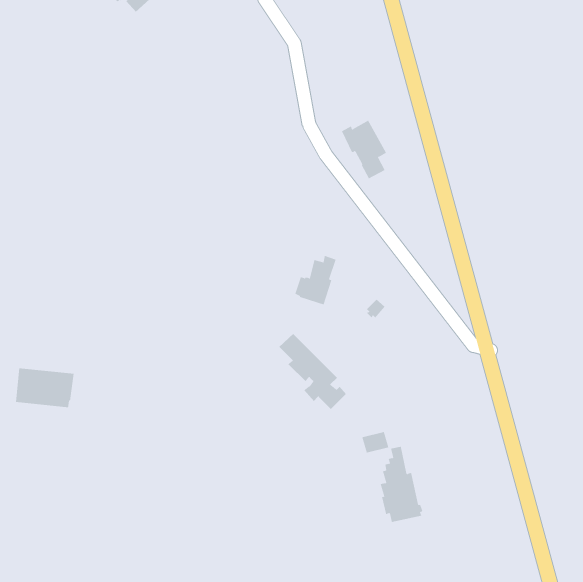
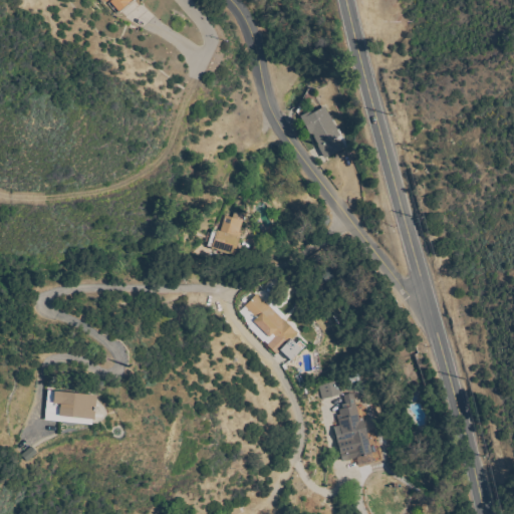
building: [294,255,337,305] -> [208,211,245,255]
building: [15,368,74,408] -> [44,390,96,425]

